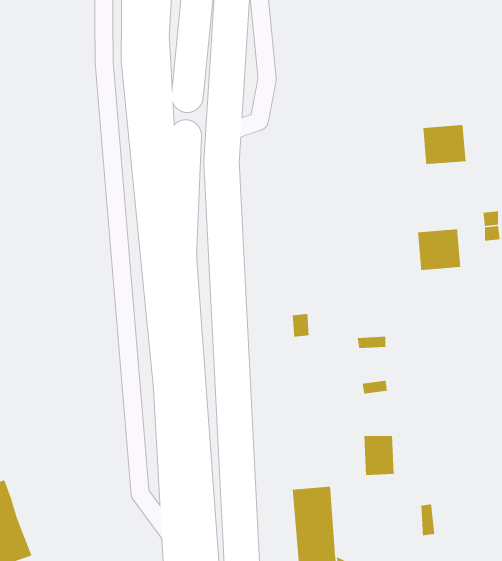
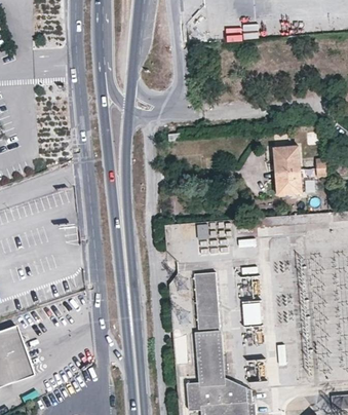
building: [422,124,466,165] -> [272,145,300,171]
building: none -> [193,271,220,329]

